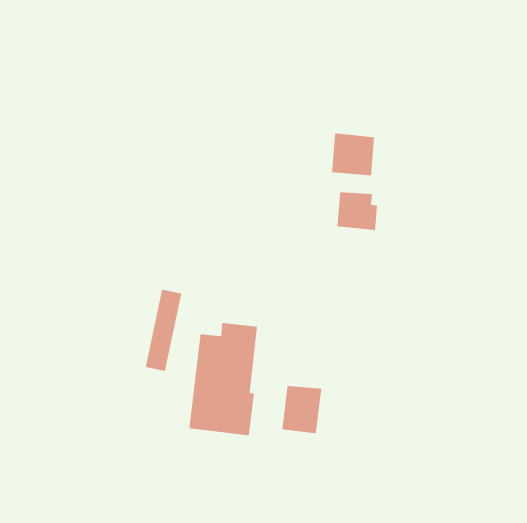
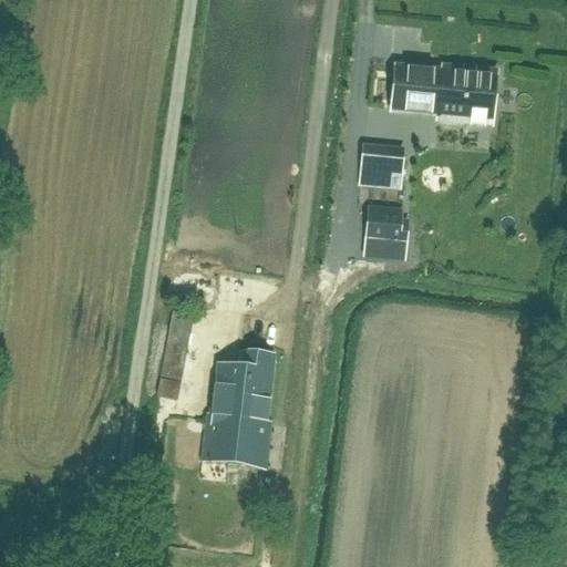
building: none -> [388,62,495,126]
building: [282,385,322,434] -> none

